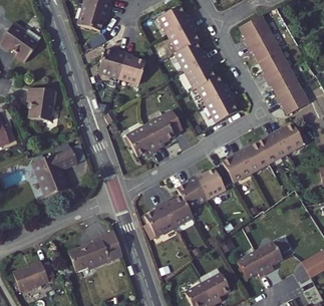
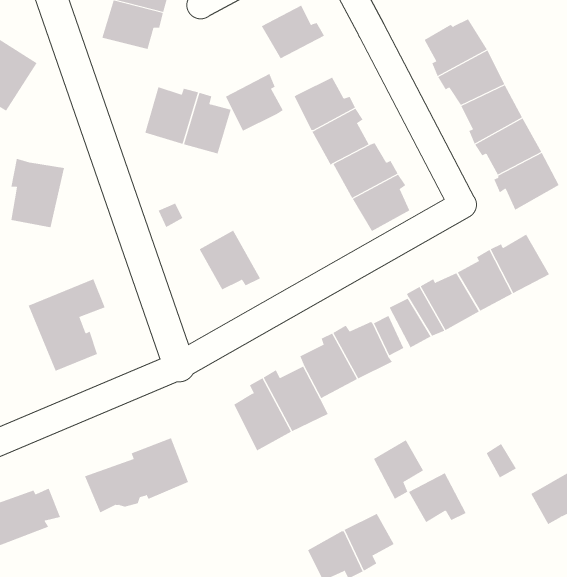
building: [168,23,198,53] -> [225,73,283,132]
building: [143,110,180,148] -> none
building: [253,239,279,270] -> [373,439,424,500]

